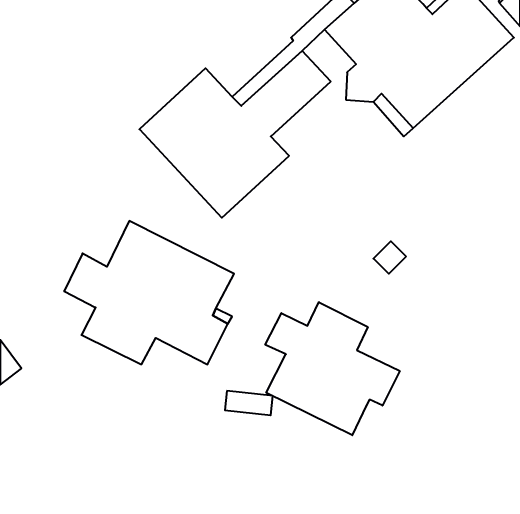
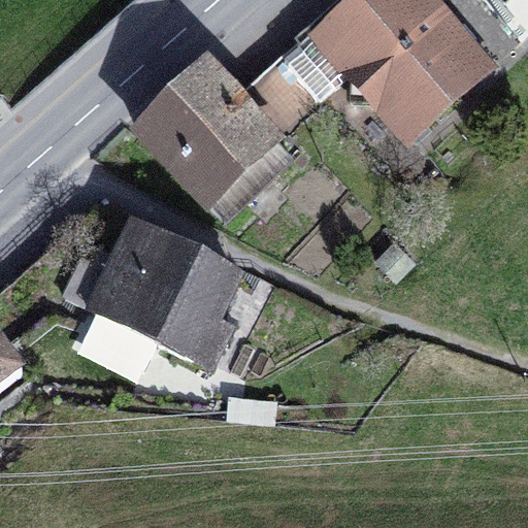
building: [265,302,400,435] -> none

